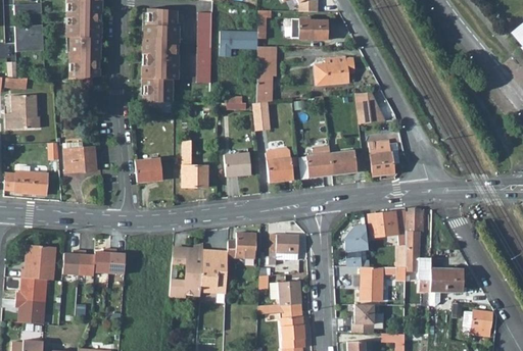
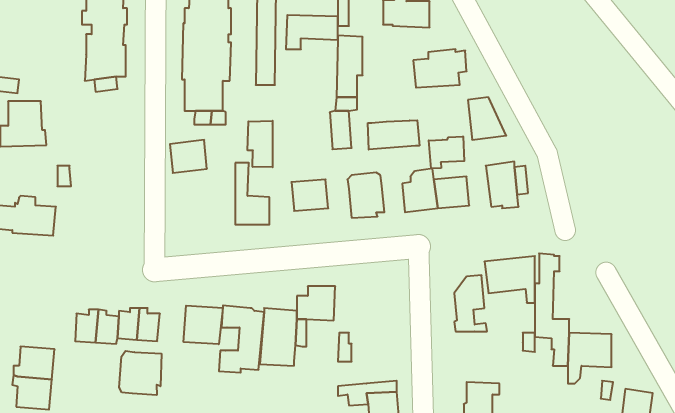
building: [15,26,45,52] -> none
building: none -> [368,120,419,150]
building: none -> [248,121,273,167]
building: none -> [429,136,464,168]
building: [63,142,97,172] -> none
building: [135,158,162,183] -> [170,140,207,173]
building: [270,234,299,265] -> none
building: [21,245,56,280] -> none
building: none -> [184,306,223,344]
building: [352,266,383,300] -> none
building: [278,281,302,305] -> none
building: none -> [119,351,161,395]

